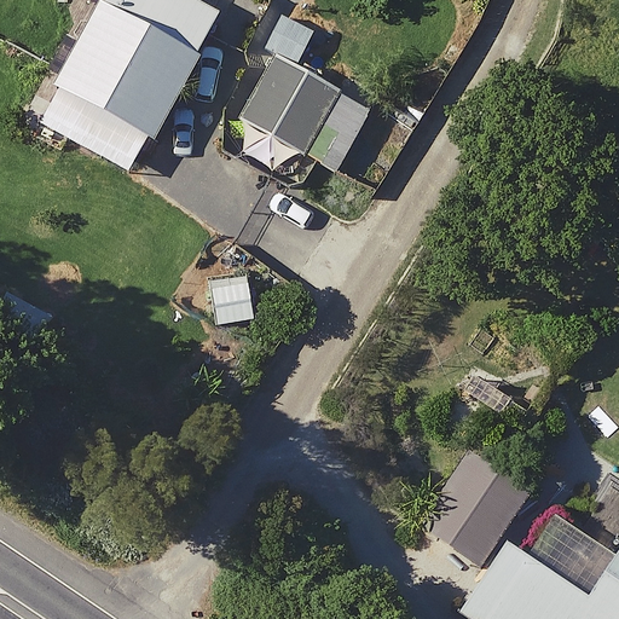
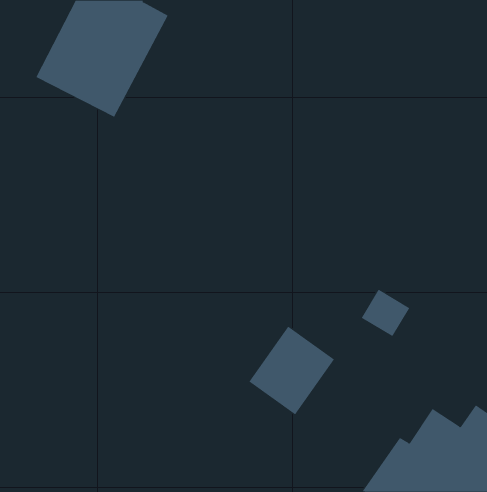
building: [237,23,366,170] -> none
building: [417,457,526,569] -> [248,326,335,415]

